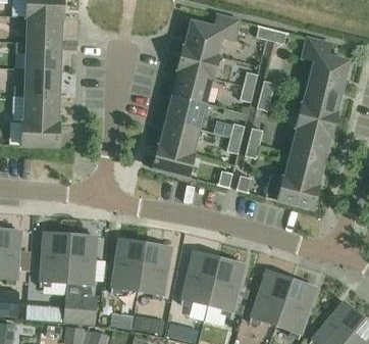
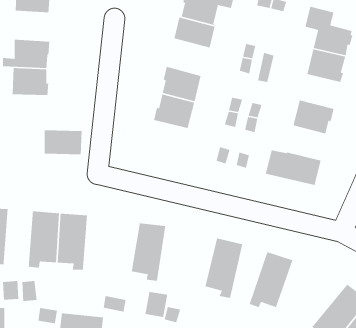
building: [25,42,60,70] -> none
building: [170,68,212,103] -> none
building: [286,102,336,135] -> none
building: [21,121,58,146] -> [44,130,82,155]
building: [152,146,193,178] -> none
building: [284,151,322,184] -> none
building: [110,238,145,293] -> none
building: [179,251,218,306] -> none
building: [275,279,316,339] -> none
building: [63,294,97,326] -> none

